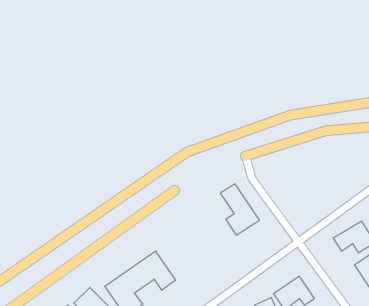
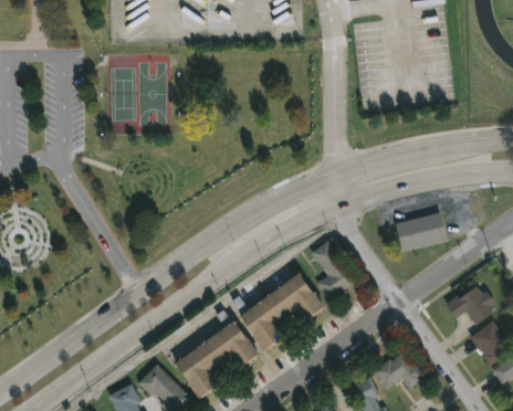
building: none -> [396,213,447,250]
building: none -> [239,274,323,350]

